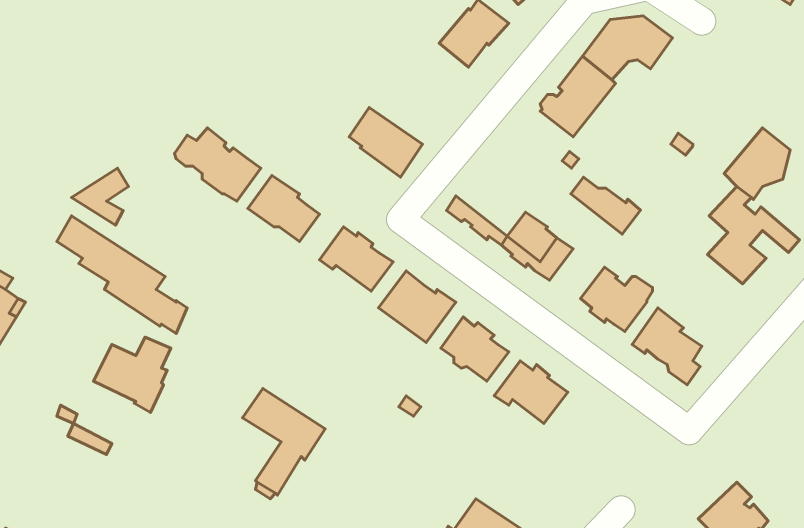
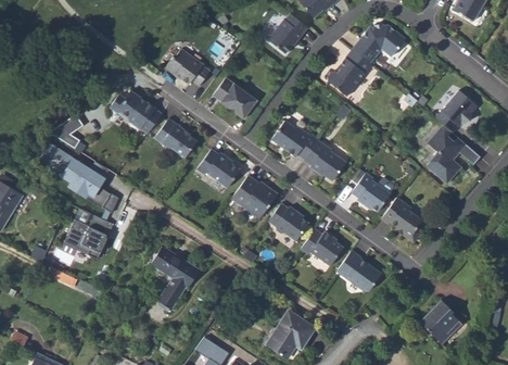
building: none -> [165,50,209,88]
building: [571,177,641,234] -> [277,122,318,155]
building: none -> [336,251,381,292]

